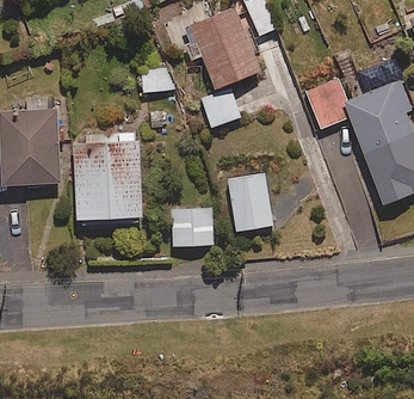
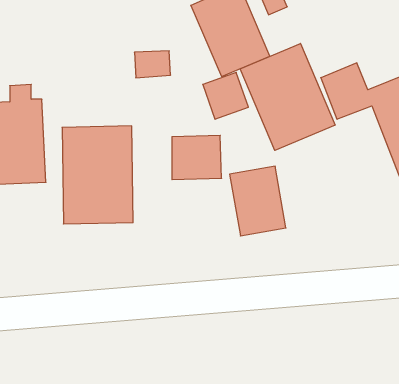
building: none -> [240,43,335,150]
building: [169,205,214,245] -> [172,135,222,180]

